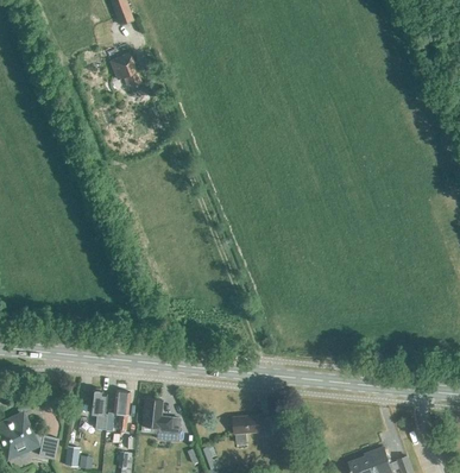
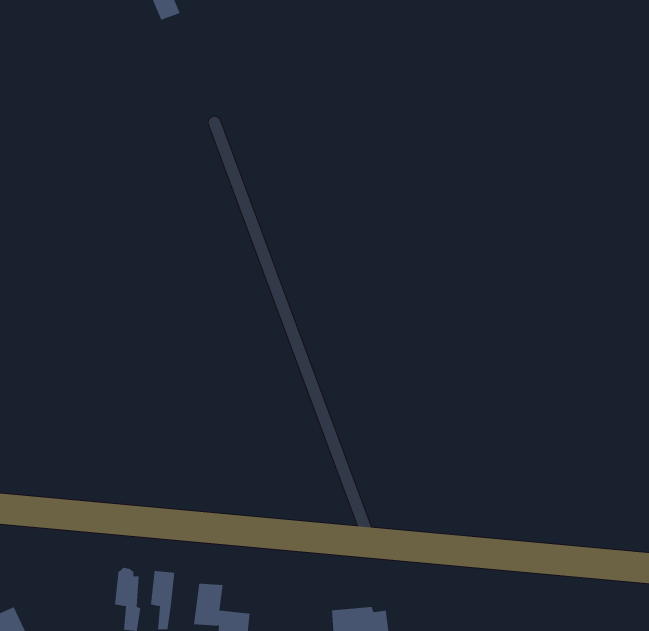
building: [111,55,141,89] -> none

